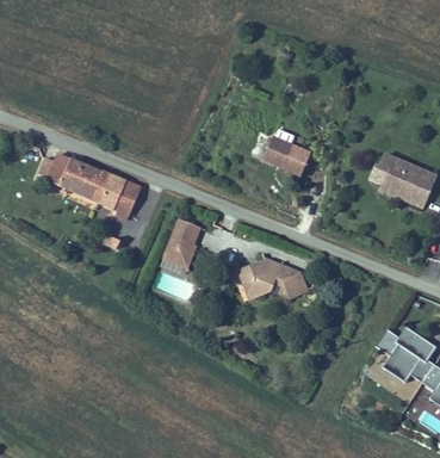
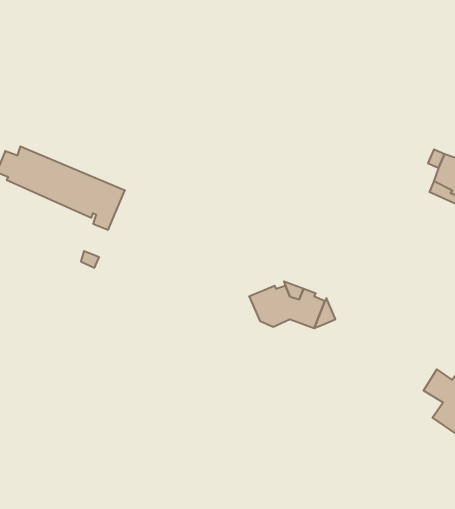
building: [262,136,310,175] -> none
building: [163,217,200,266] -> none

